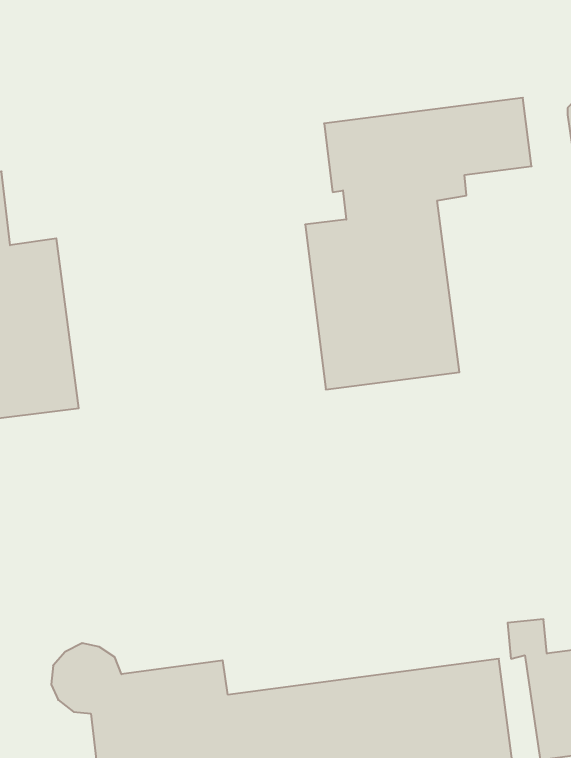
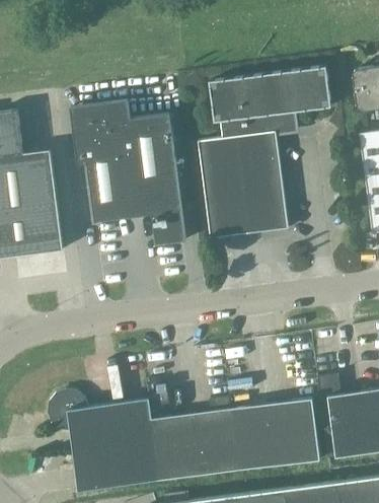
building: none -> [73,102,186,245]

